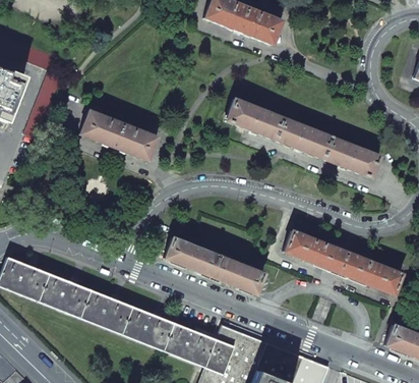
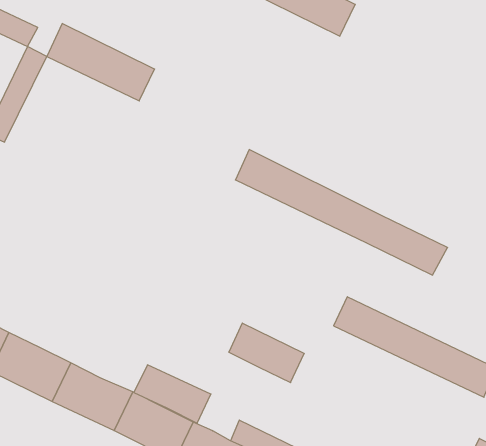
building: [226,98,380,177] -> [235,150,448,275]
building: [81,112,159,163] -> [47,24,155,101]
building: [164,237,219,276] -> [134,365,211,423]

